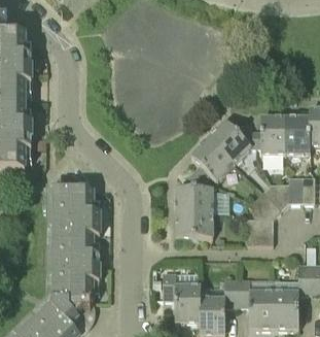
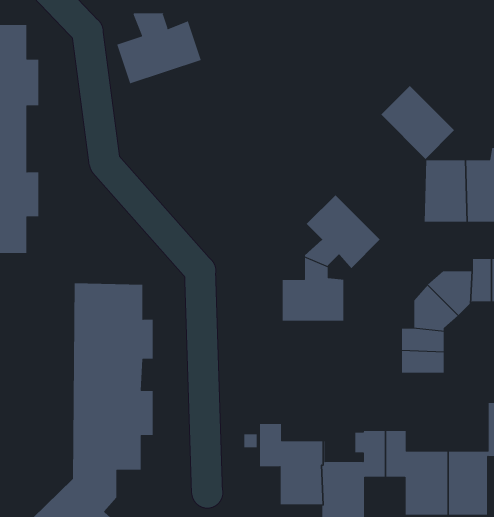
building: none -> [117,12,201,84]
building: [207,120,251,164] -> [380,85,455,160]
building: [175,212,212,237] -> none

